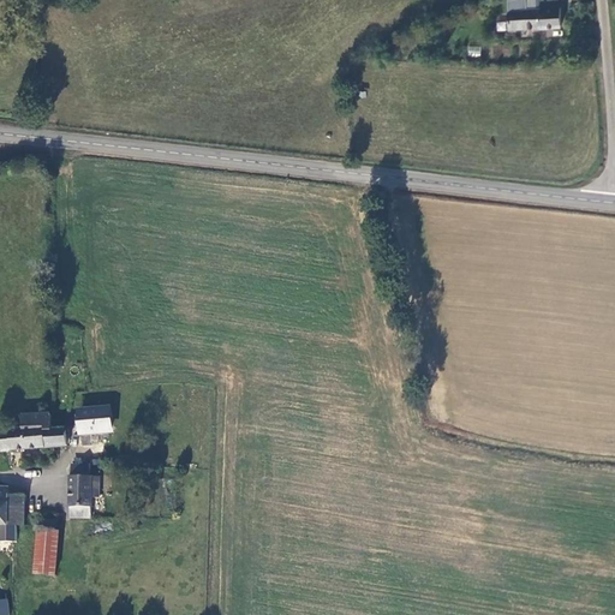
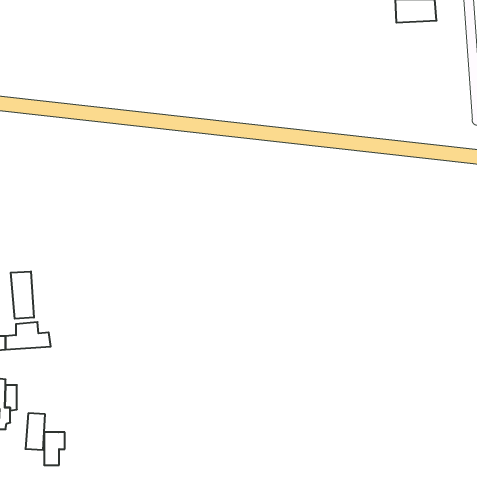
building: none -> [11,271,34,319]
building: [78,408,106,444] -> none
building: [70,473,96,515] -> [44,432,65,465]

